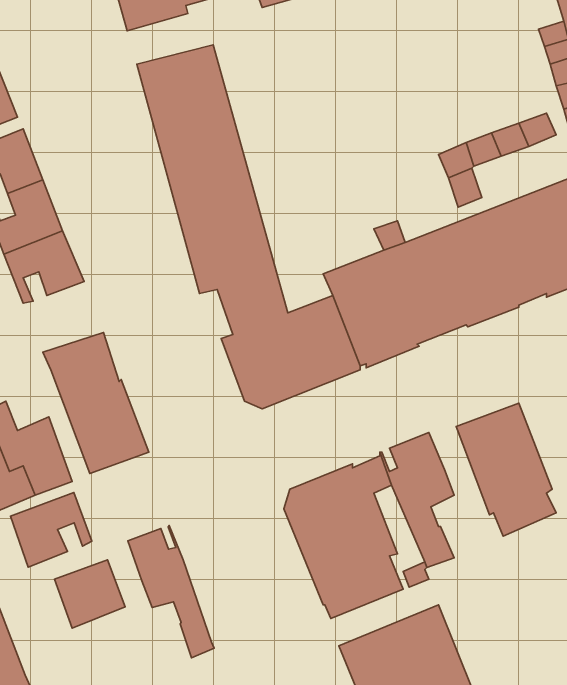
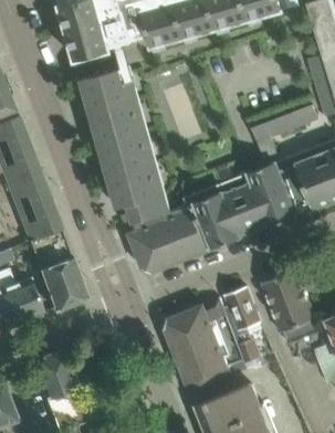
building: none -> [17,201,62,241]
building: [10,493,92,567] -> none
building: [128,525,214,658] -> none

